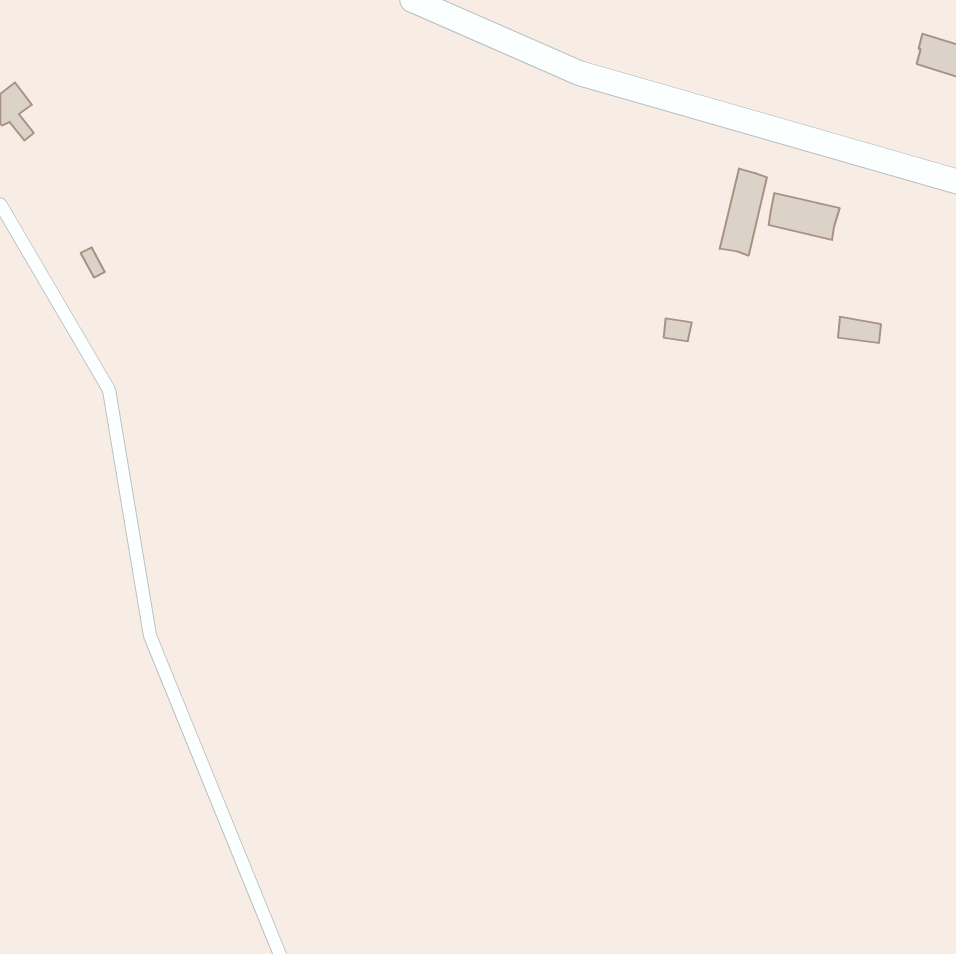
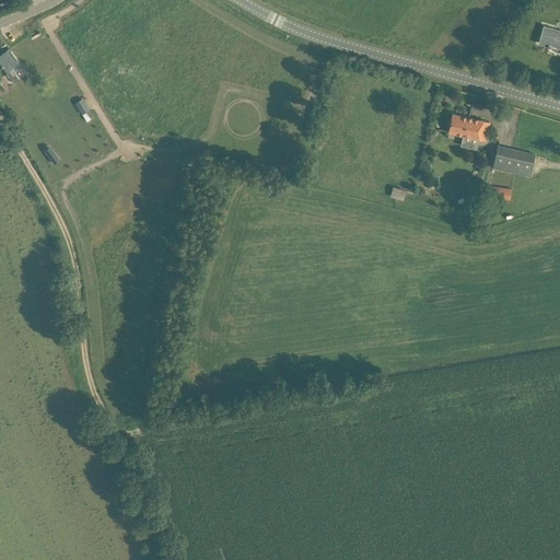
building: [720,168,767,256] -> none
building: none -> [493,147,535,178]

